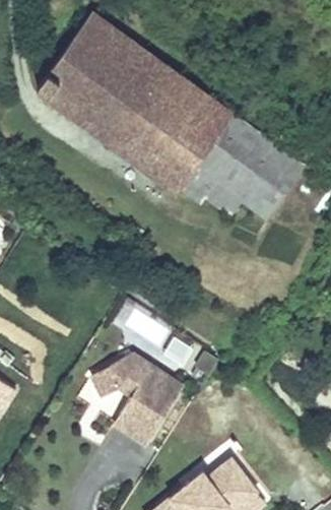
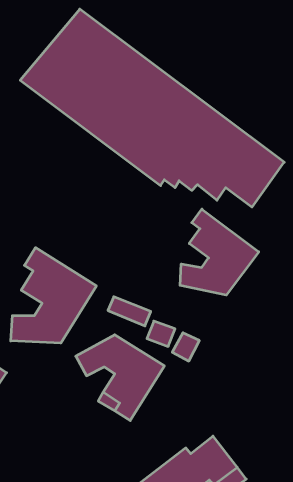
building: none -> [180,209,259,295]
building: none -> [11,248,96,343]

